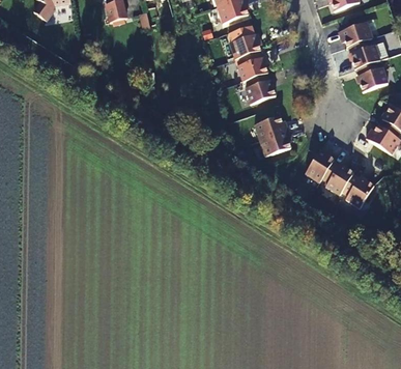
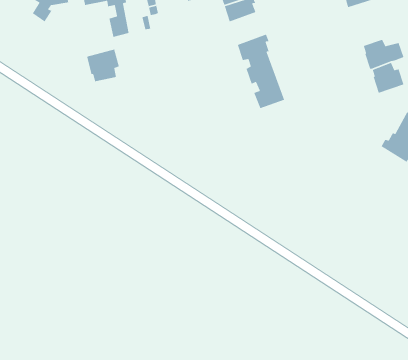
building: [338,20,372,45] -> none
building: none -> [86,48,120,82]
building: [254,115,290,157] -> none
building: [305,147,373,207] -> none

